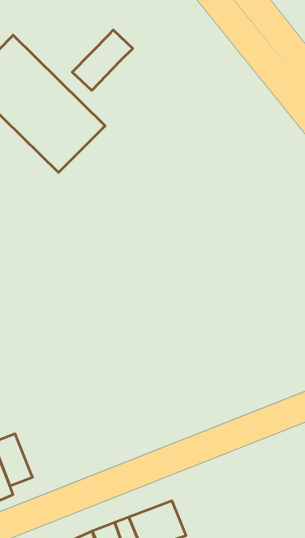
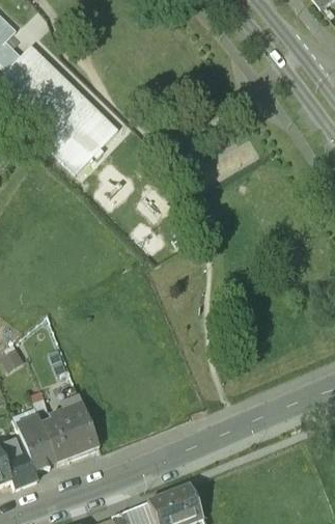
building: [72,30,133,90] -> none
building: none -> [38,403,95,462]

